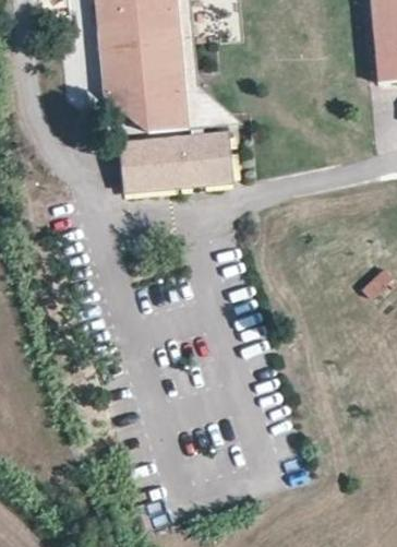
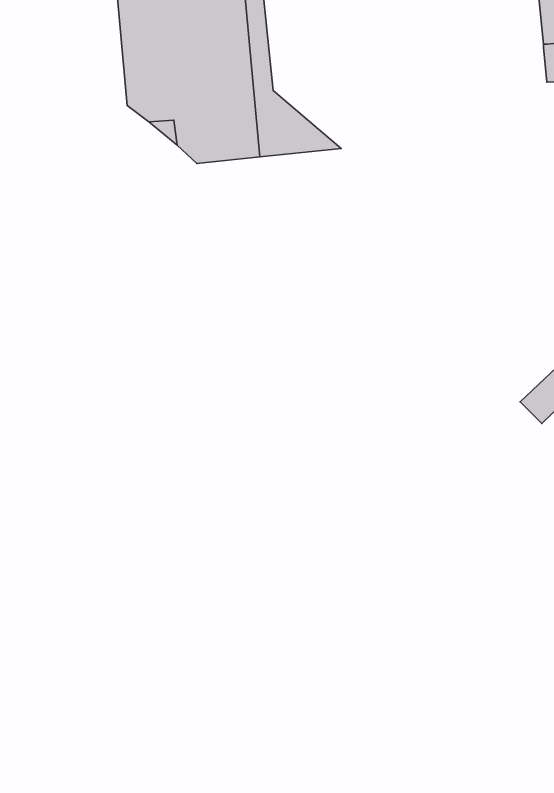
building: [120,132,233,192] -> none

